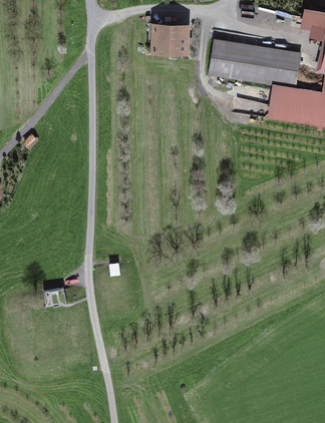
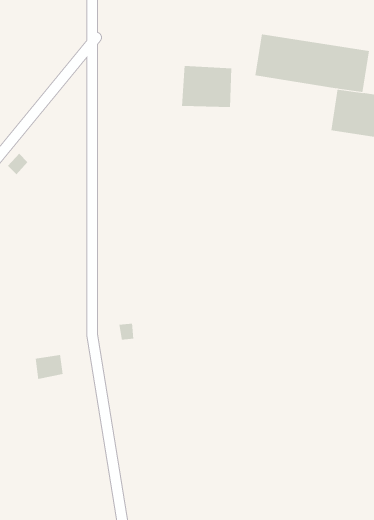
building: [148,24,188,56] -> [181,66,232,108]

